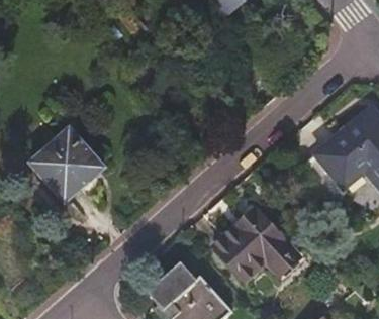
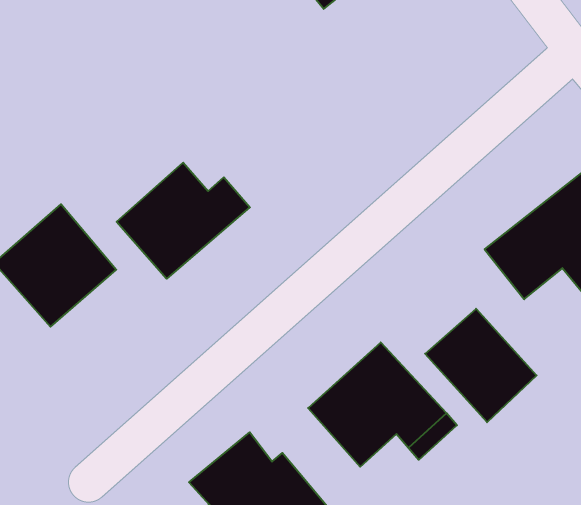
building: none -> [117,163,250,279]
building: none -> [425,309,537,422]

